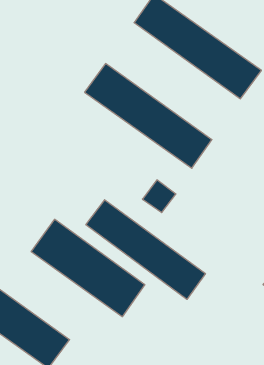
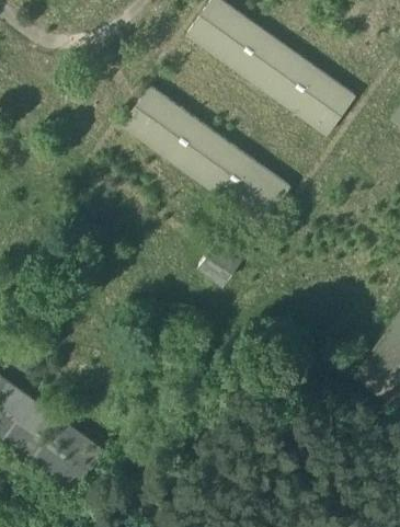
building: [86,200,205,299] -> none
building: [31,219,145,317] -> none

